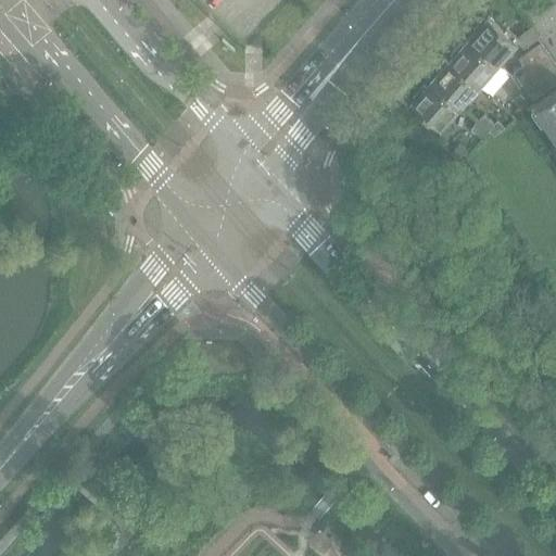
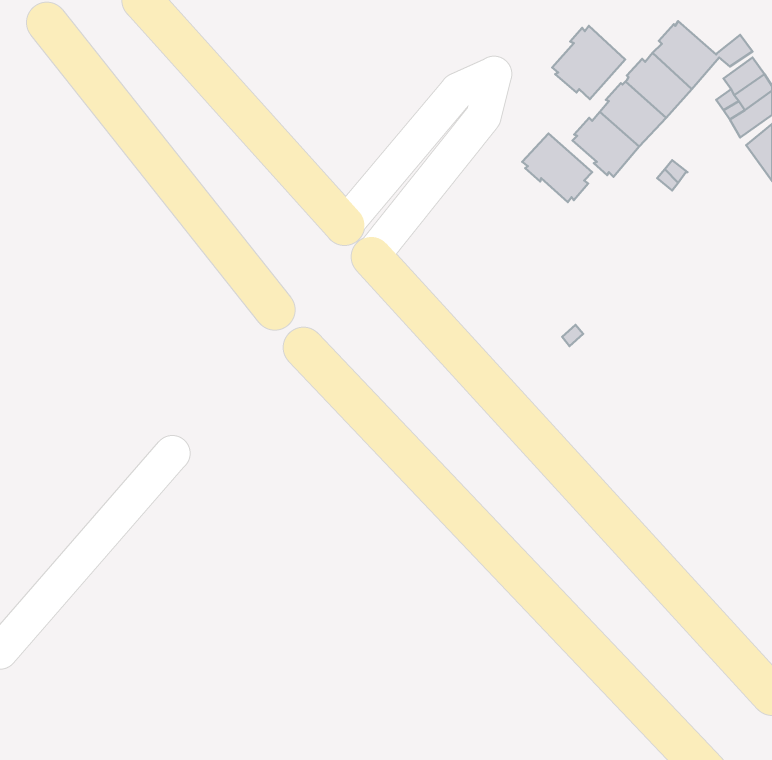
building: none -> [552,26,625,99]
building: none -> [522,134,592,202]

